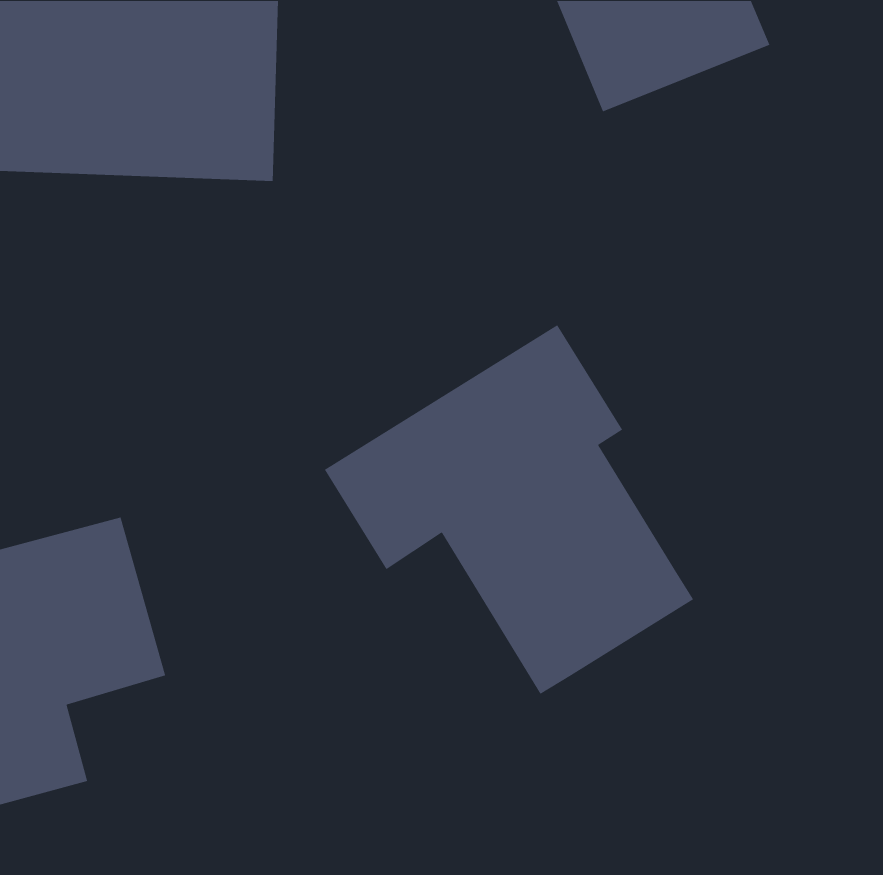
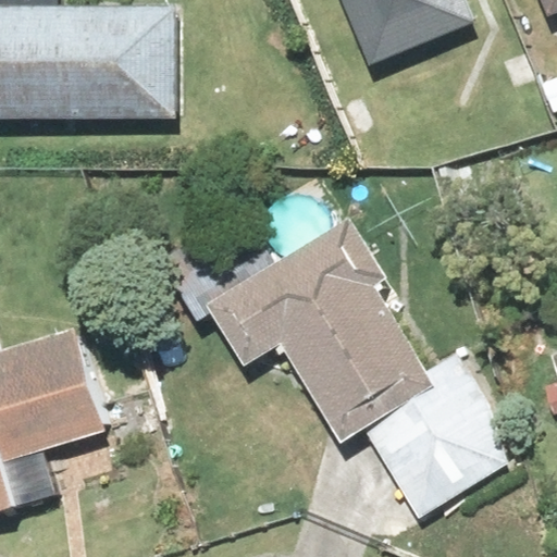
building: none -> [359,348,493,479]

